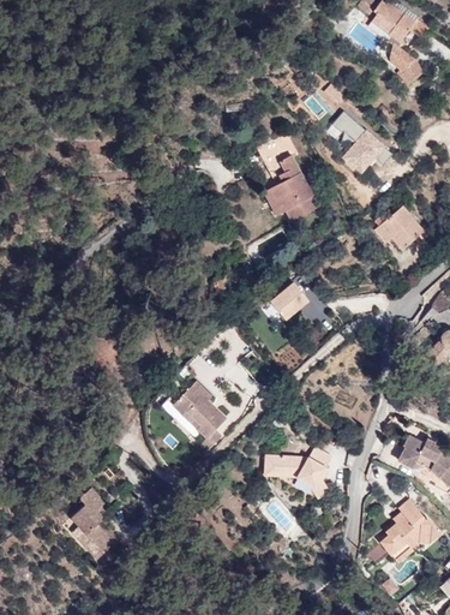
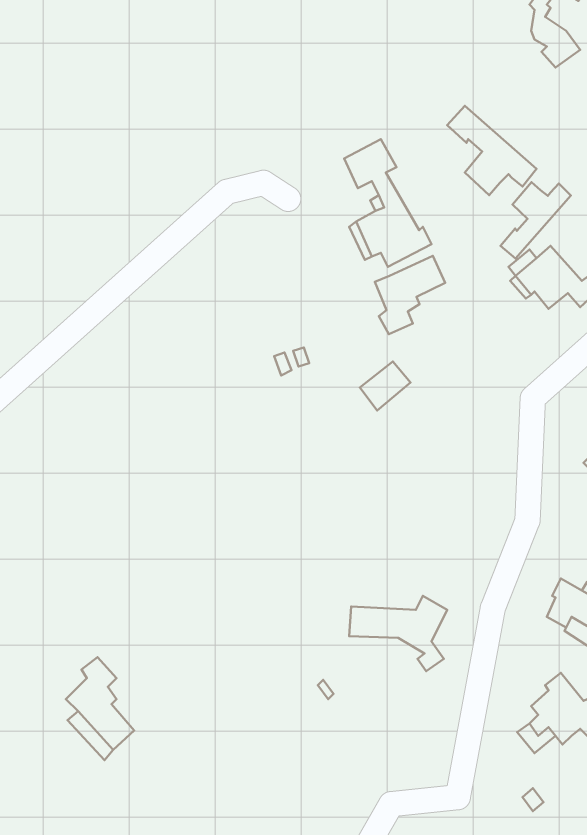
building: none -> [500,182,571,258]
building: none -> [375,256,445,334]
building: [174,383,226,449] -> none

